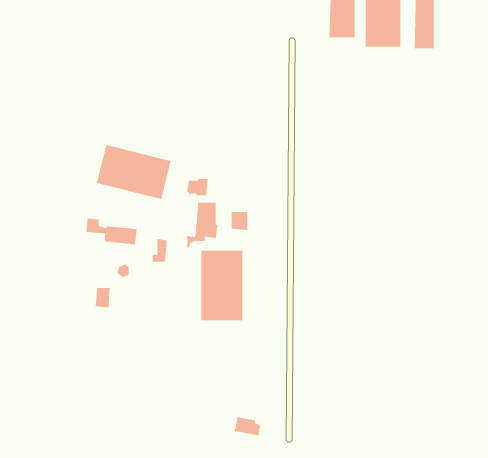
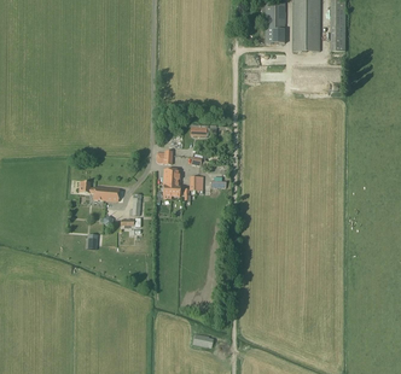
building: [96,144,171,200] -> none
building: [201,250,243,321] -> none

